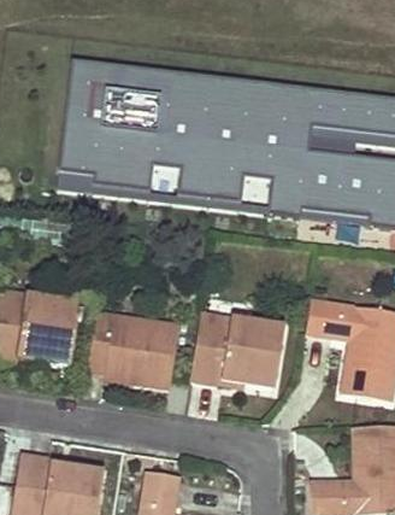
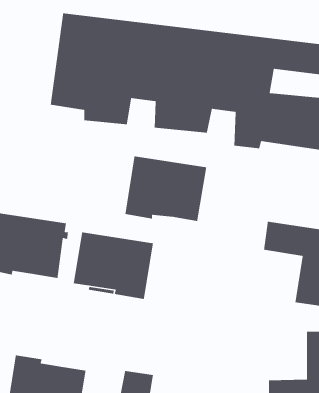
building: [189,311,284,387] -> [124,155,207,222]

